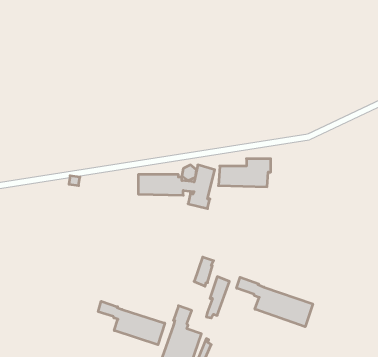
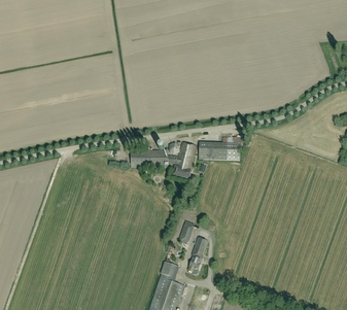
building: [237,277,313,327] -> none
building: [98,301,165,345] -> none

